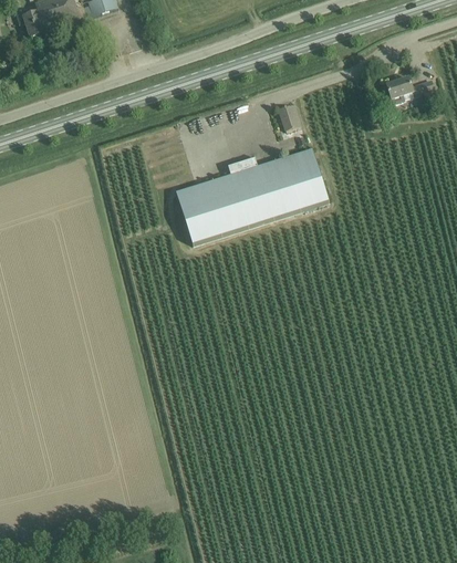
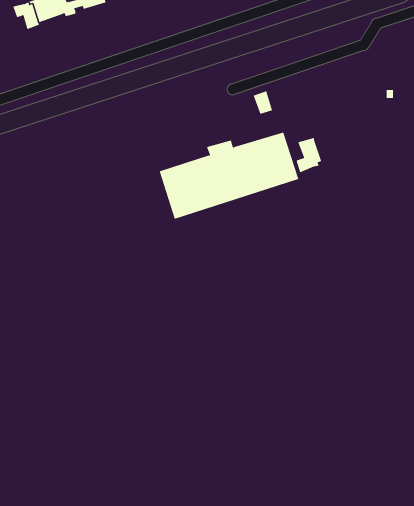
building: [387,75,436,102] -> none
building: none -> [296,137,322,173]

